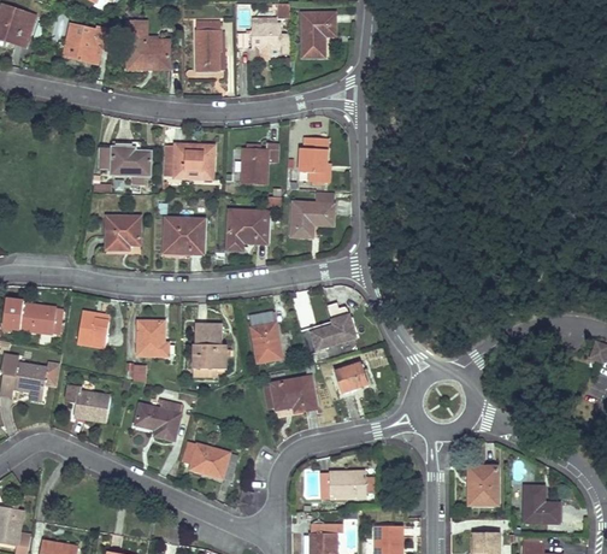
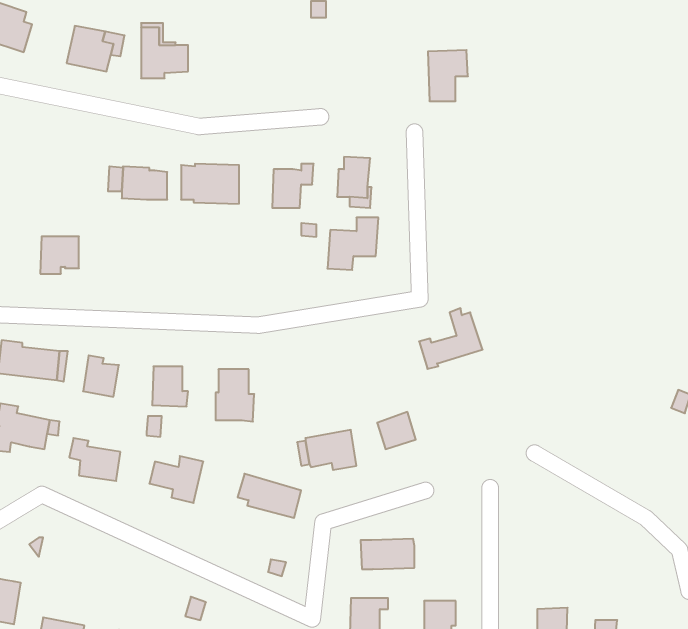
building: [301,12,336,57] -> [428,50,468,101]
building: [195,22,220,71] -> none
building: [249,22,279,48] -> none
building: [226,211,267,251] -> none
building: [106,217,140,249] -> [40,236,79,274]
building: [164,218,204,254] -> none
building: [301,302,356,355] -> [419,308,483,369]
building: [249,313,282,363] -> none
building: [182,442,237,481] -> [238,474,301,518]
building: [468,466,497,505] -> none
building: [523,487,559,523] -> none

